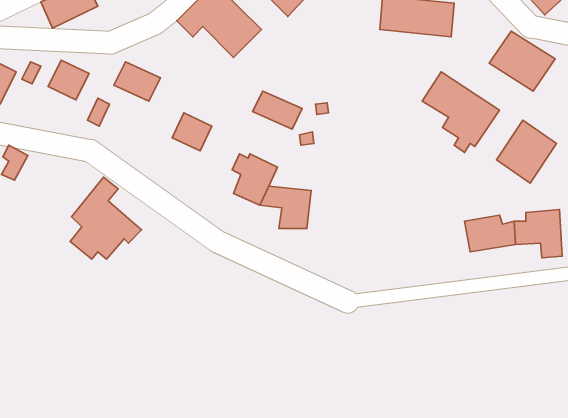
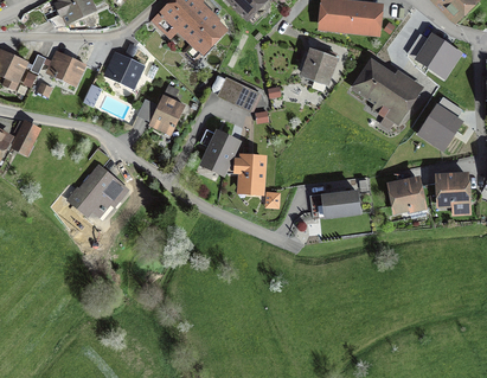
building: none -> [305,49,335,79]
building: none -> [322,188,360,216]

